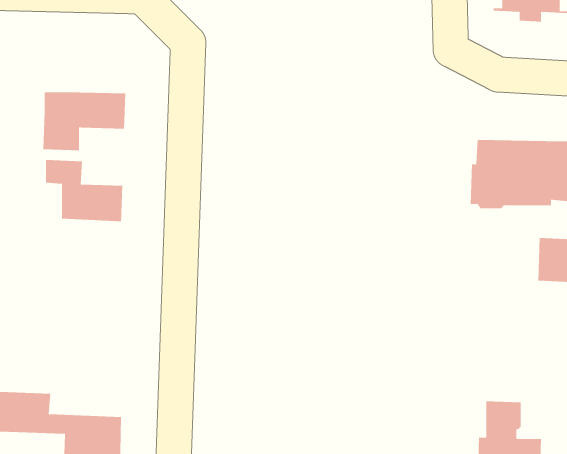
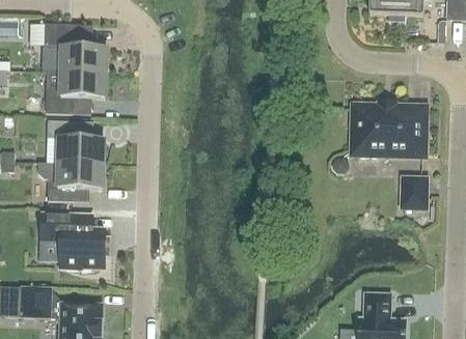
building: none -> [44,24,107,73]
building: none -> [38,163,103,201]
building: none -> [40,213,109,270]

